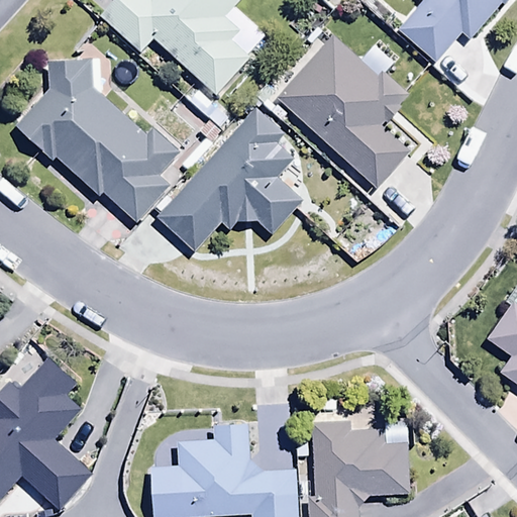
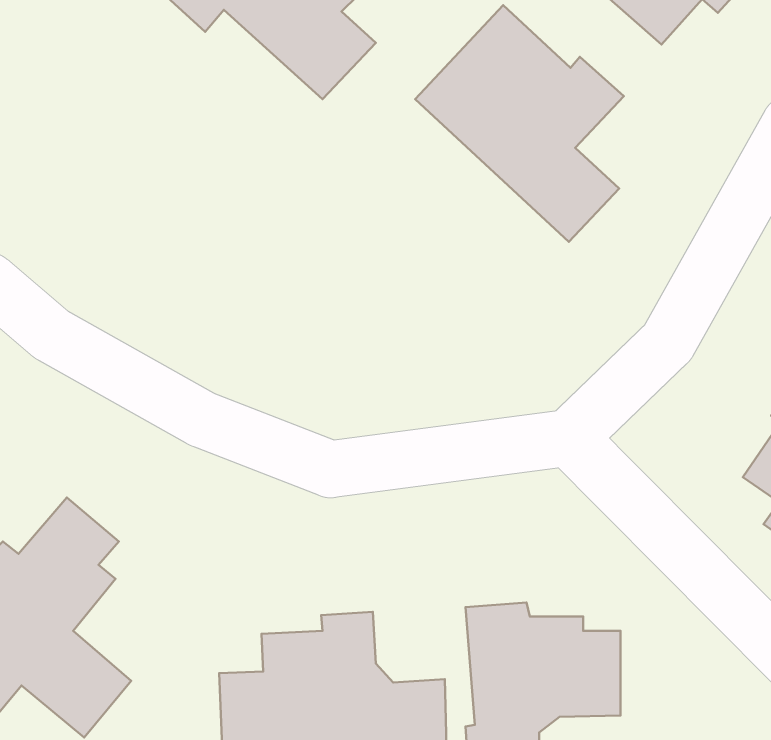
building: [16,59,176,222] -> none
building: [156,108,303,252] -> none

